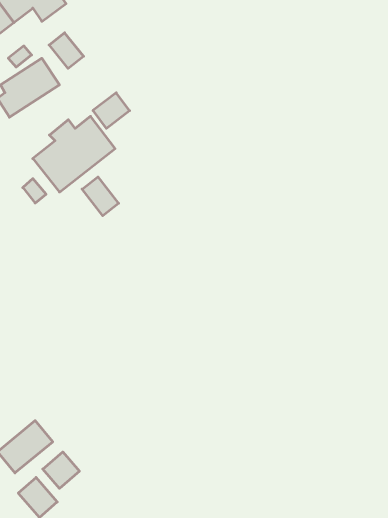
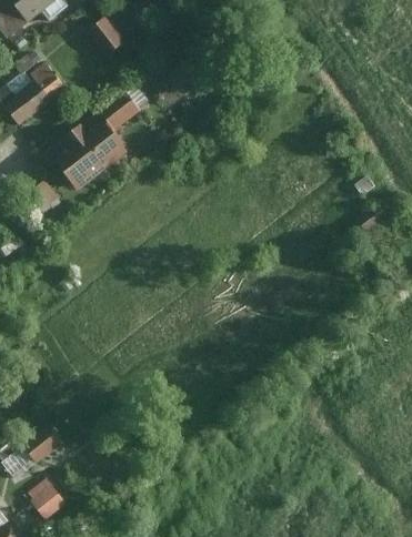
building: [49,33,84,68] -> [89,17,123,52]
building: [82,177,119,216] -> none
building: [43,452,79,488] -> none

